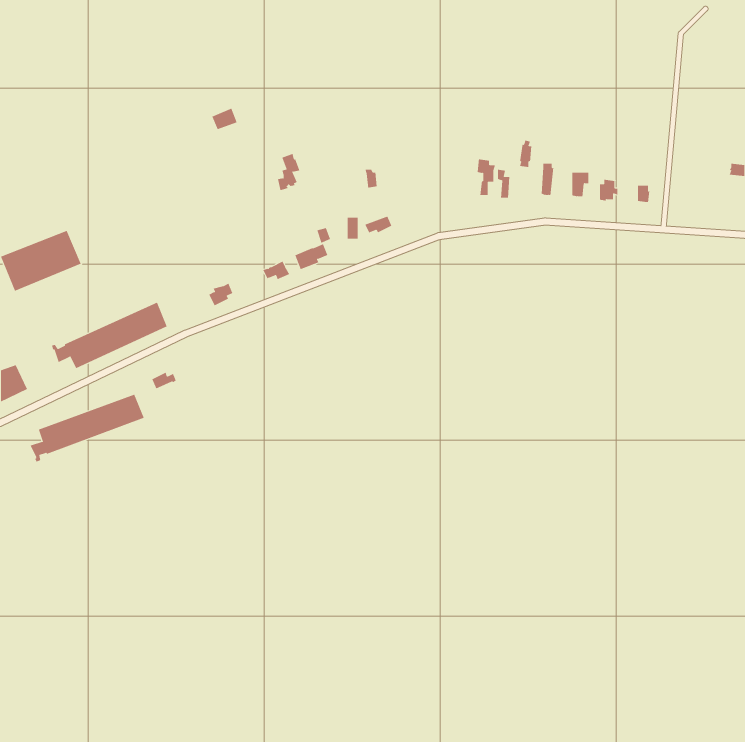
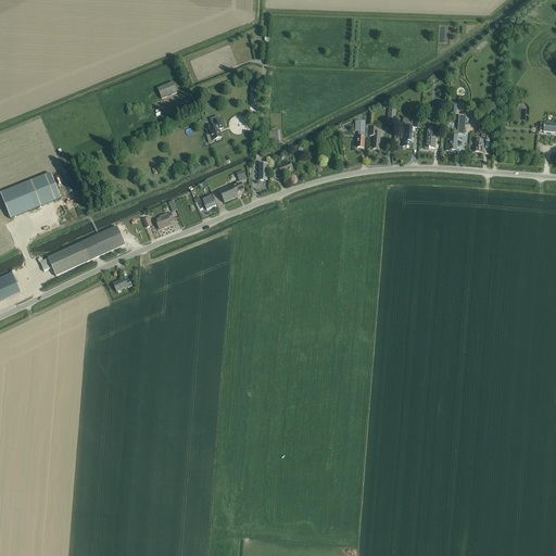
building: [30,394,144,463] -> none

